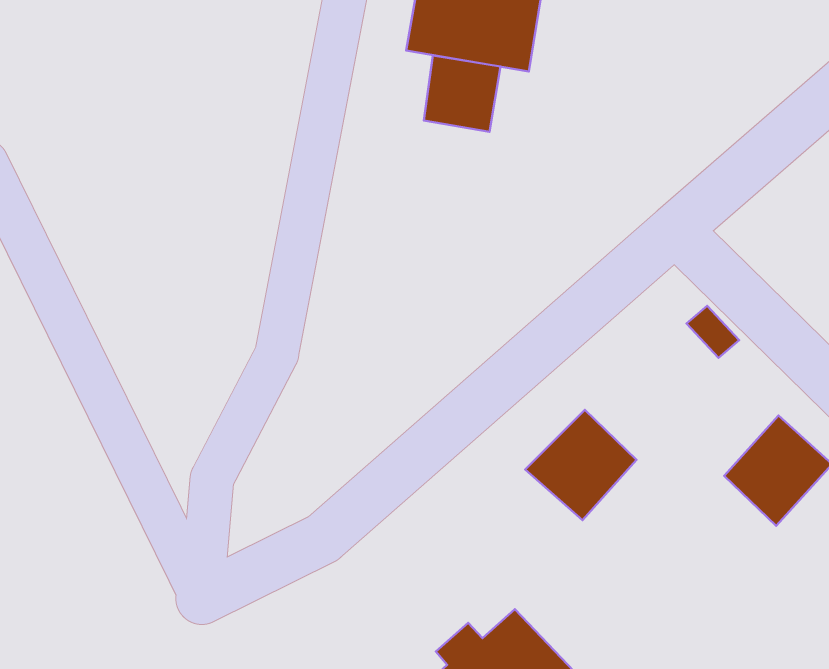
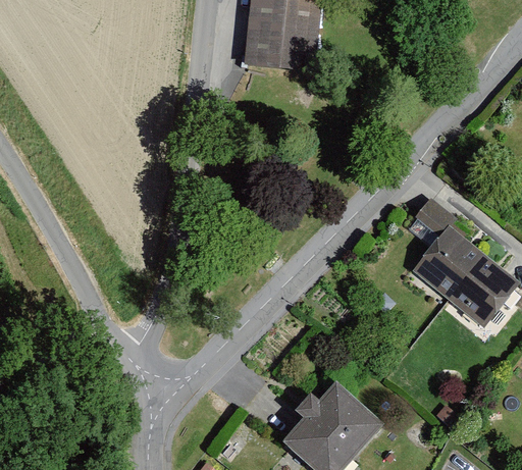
building: [424,55,501,132] -> none
building: [525,410,637,520] -> [415,231,479,296]

